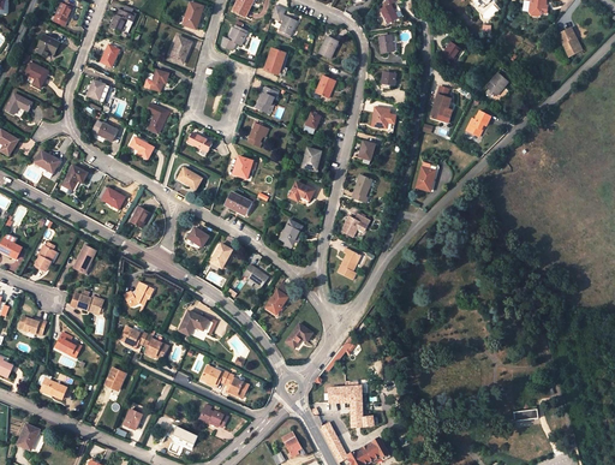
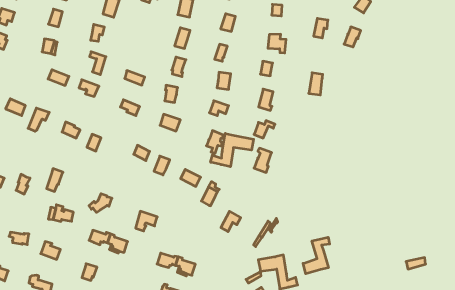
building: none -> [211,133,254,167]
building: none -> [303,237,330,274]

